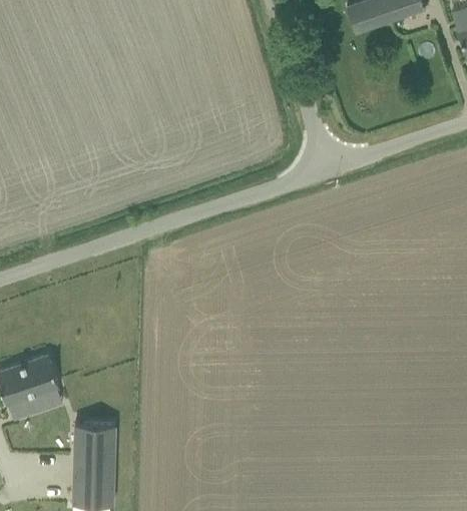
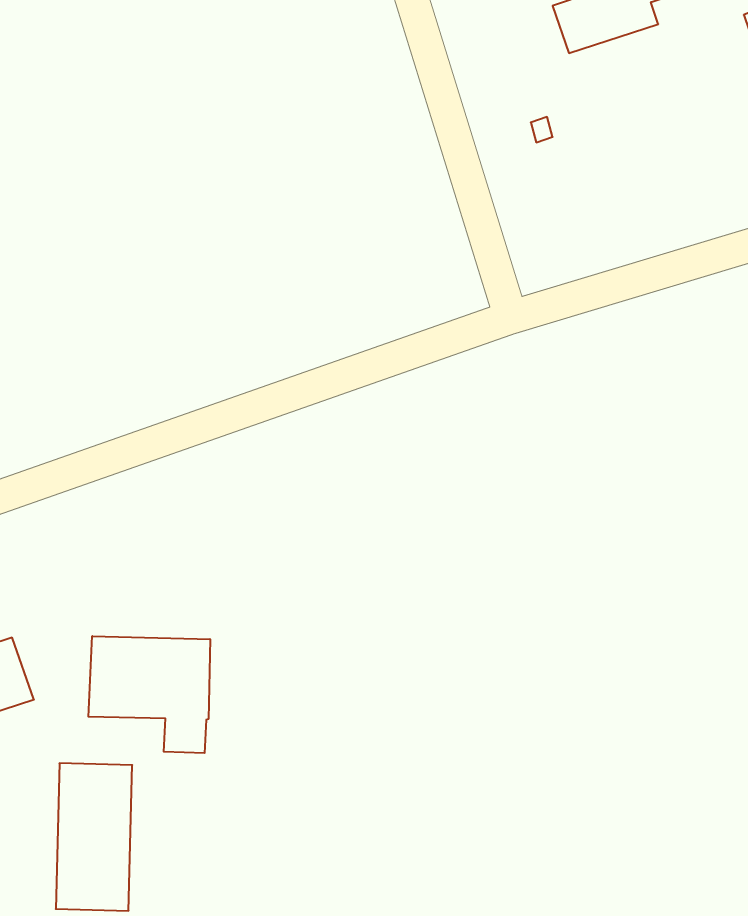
building: none -> [88,636,210,753]

